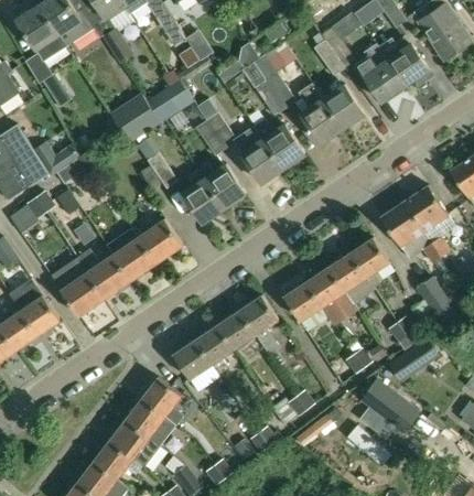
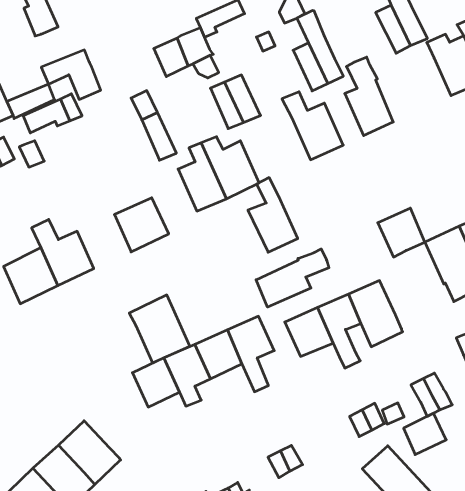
building: [321,84,363,129] -> none
building: [110,95,159,133] -> [41,50,101,99]
building: [239,126,281,183] -> [248,178,298,252]
building: [105,226,155,280] -> [129,295,190,363]
building: none -> [256,249,329,307]
building: [349,237,388,277] -> [378,208,425,257]
building: [141,377,182,423] -> none

